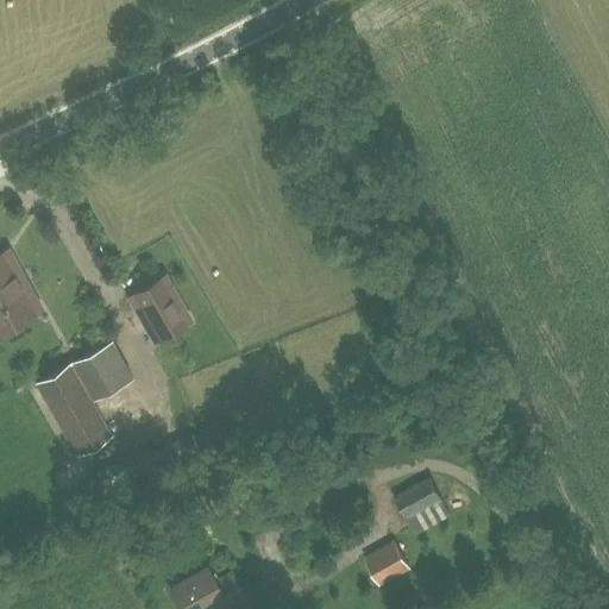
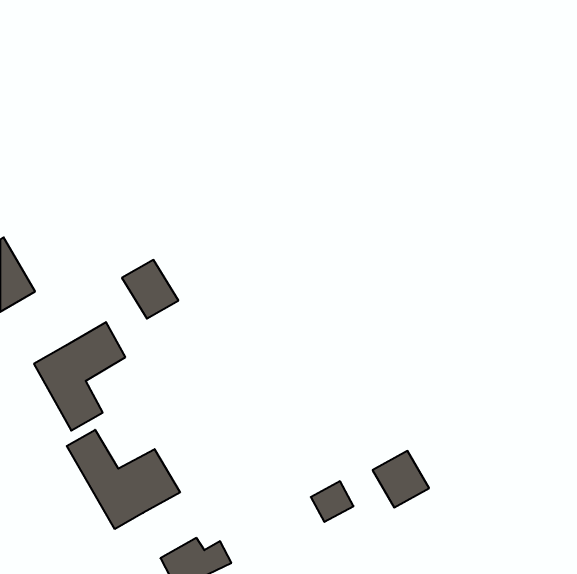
building: none -> [67,430,180,529]
building: [365,544,410,586] -> [311,481,354,522]

